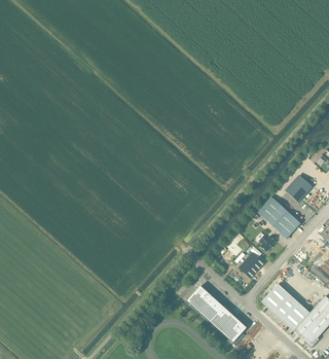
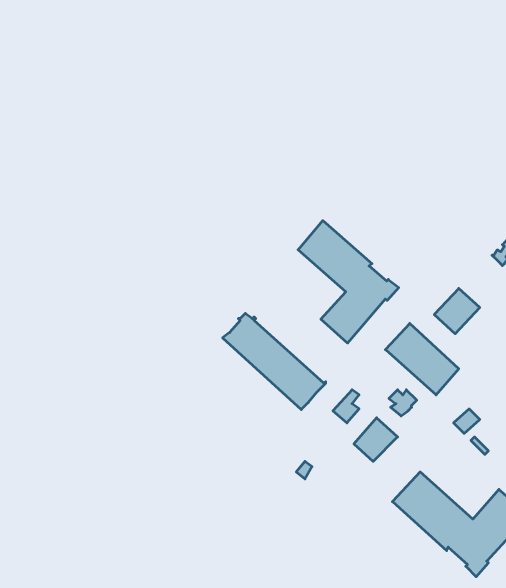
building: none -> [298,221,399,343]
building: [186,286,247,343] -> [223,313,326,410]

